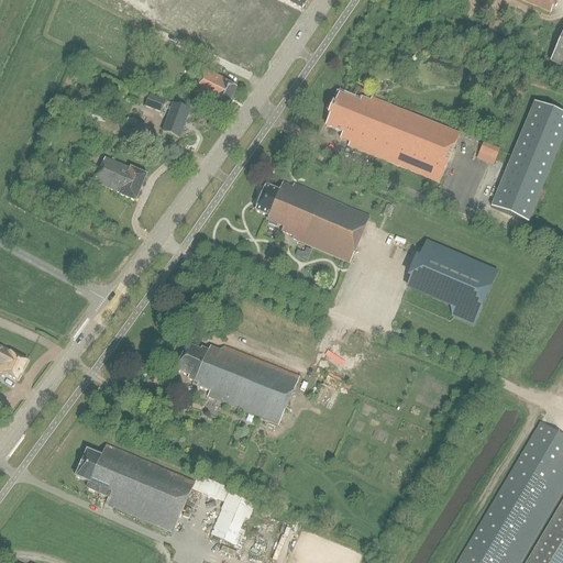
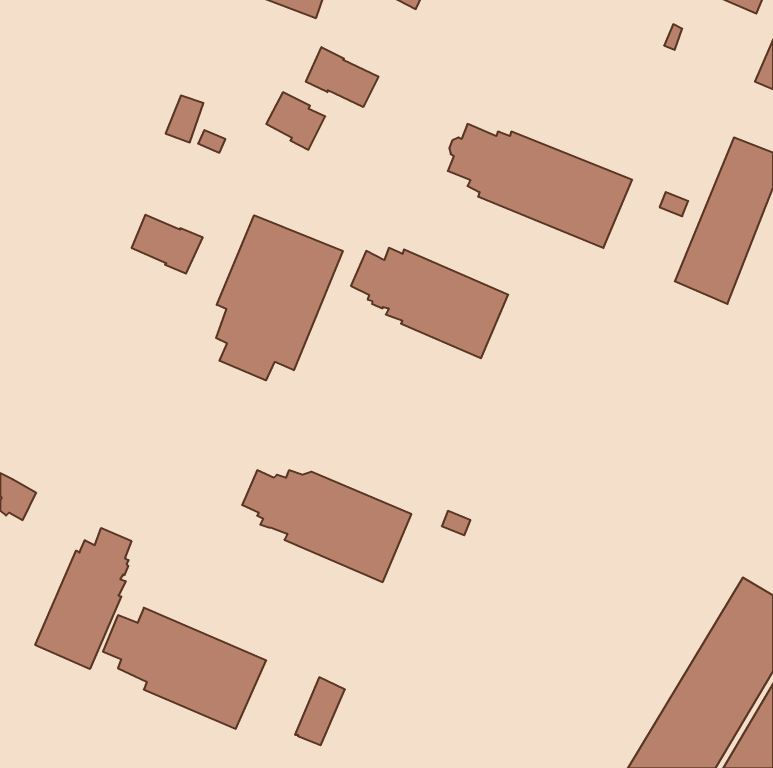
building: none -> [306,47,378,107]
building: [162,102,189,136] -> [166,96,203,142]
building: none -> [216,215,343,380]
building: [407,240,497,323] -> none
building: none -> [35,528,131,669]

